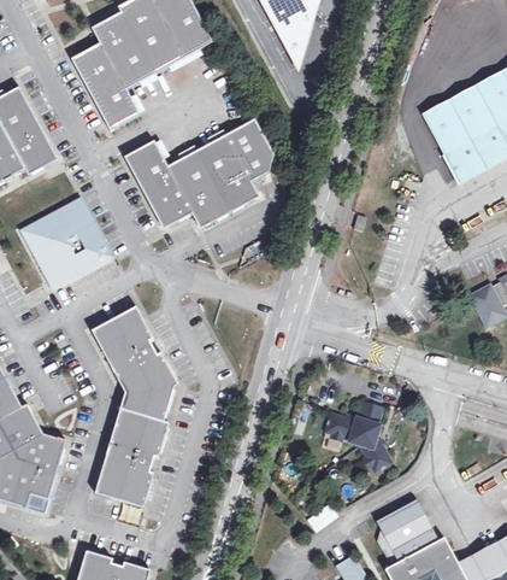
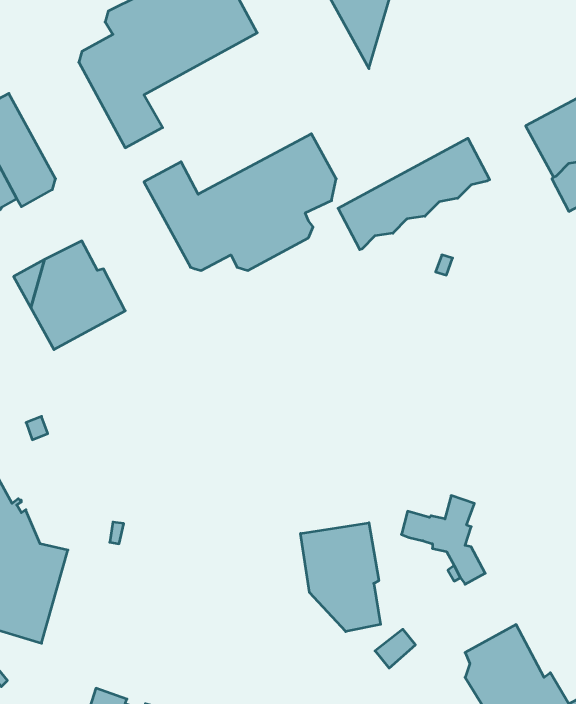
building: none -> [338,138,490,250]
building: [92,307,176,506] -> none
building: none -> [301,523,381,632]

